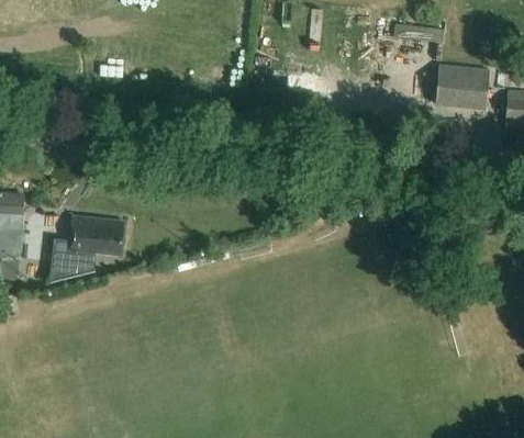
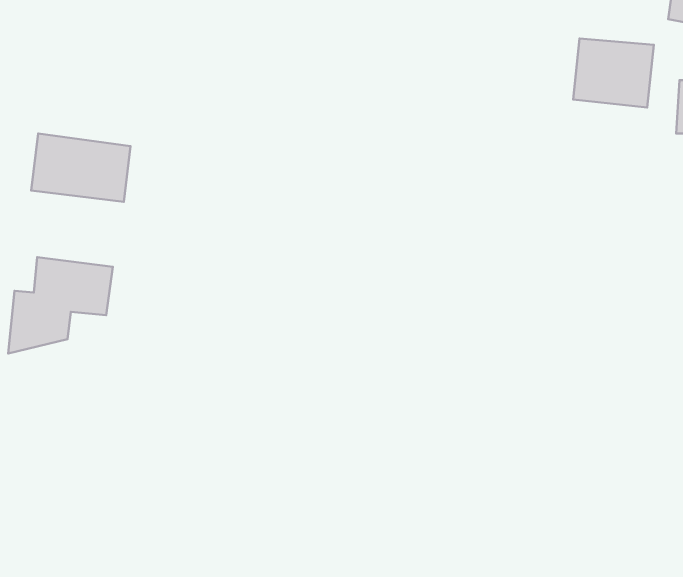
building: none -> [31,133,131,202]

